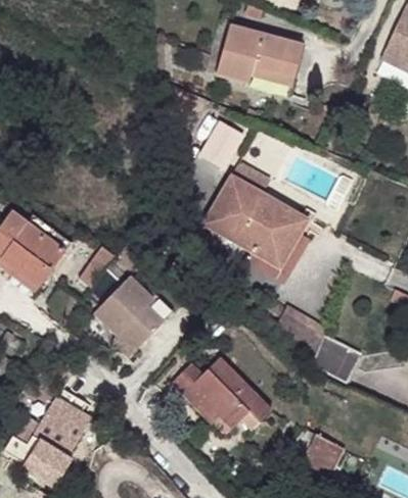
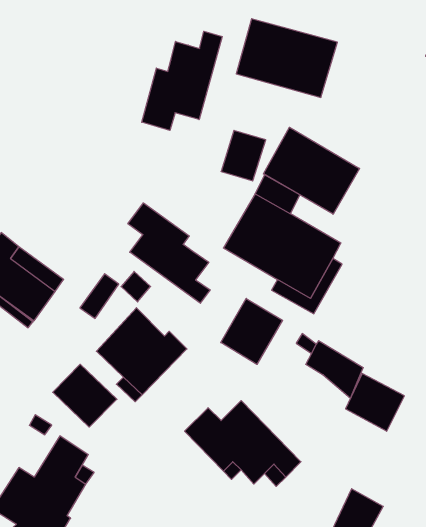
building: none -> [142,31,222,130]
building: none -> [263,127,360,214]
building: none -> [128,203,210,303]
building: none -> [221,298,283,364]
building: none -> [53,364,117,427]

